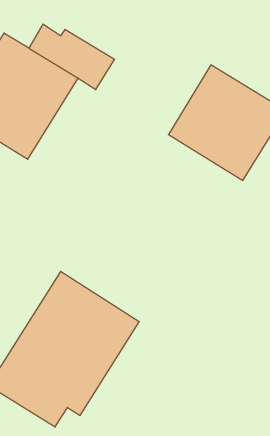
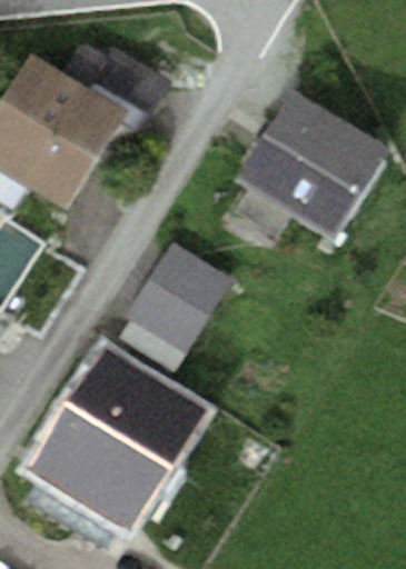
building: none -> [126,241,231,353]

